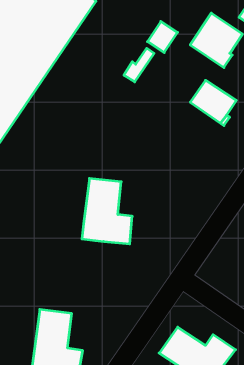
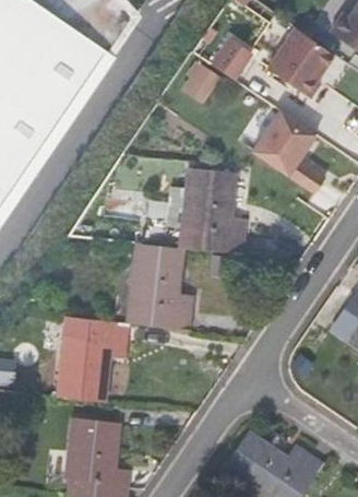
building: none -> [180,168,242,253]
building: none -> [53,318,123,398]

